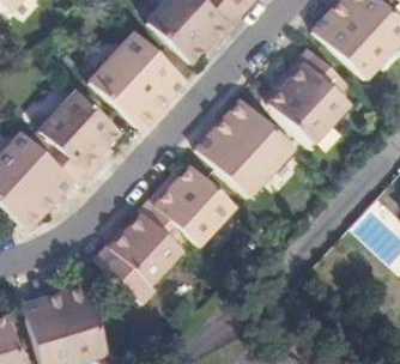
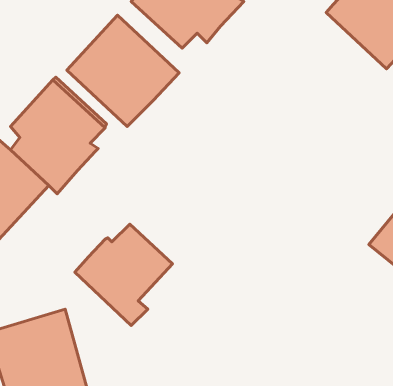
building: [269,45,351,140] -> none
building: [195,98,292,193] -> none
building: [138,165,235,247] -> none

